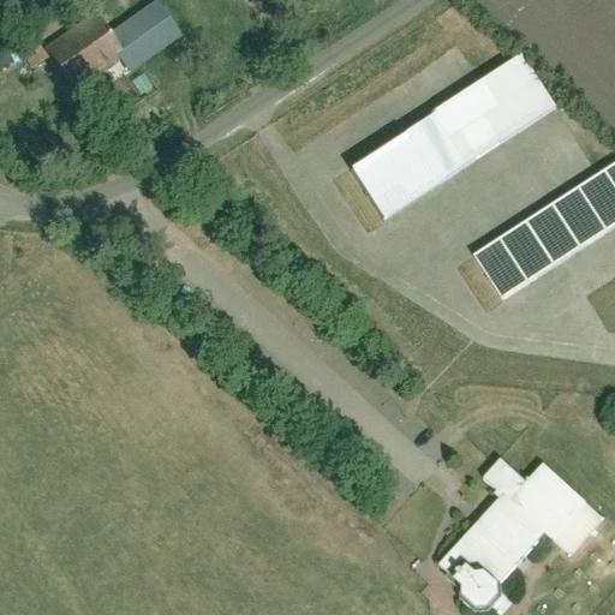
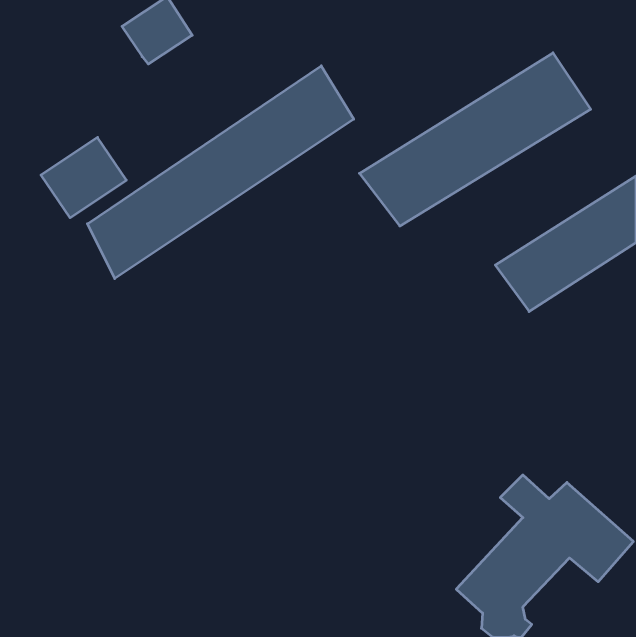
building: [54,13,136,90] -> [41,137,126,218]
building: none -> [87,66,354,279]

